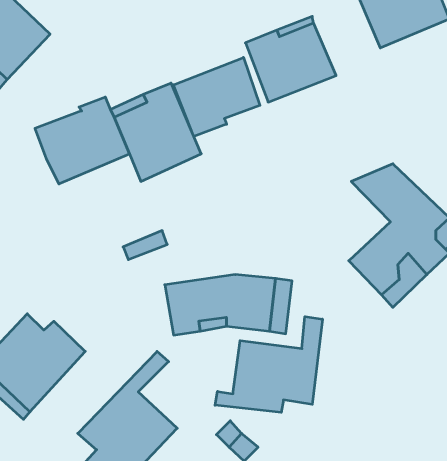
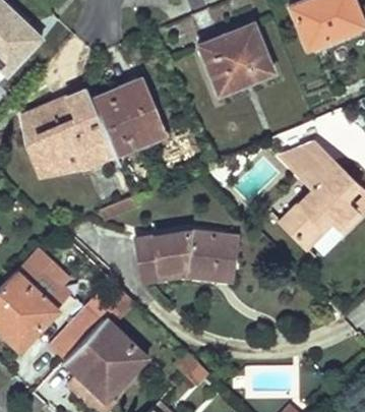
building: [173,57,260,137] -> none
building: none -> [27,135,115,176]
building: [215,317,322,412] -> none
building: none -> [51,288,128,361]

